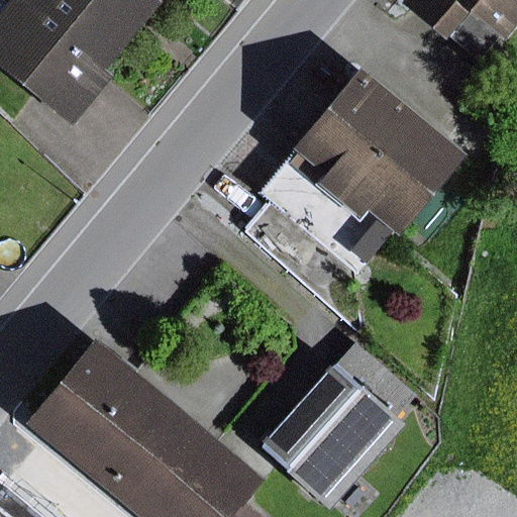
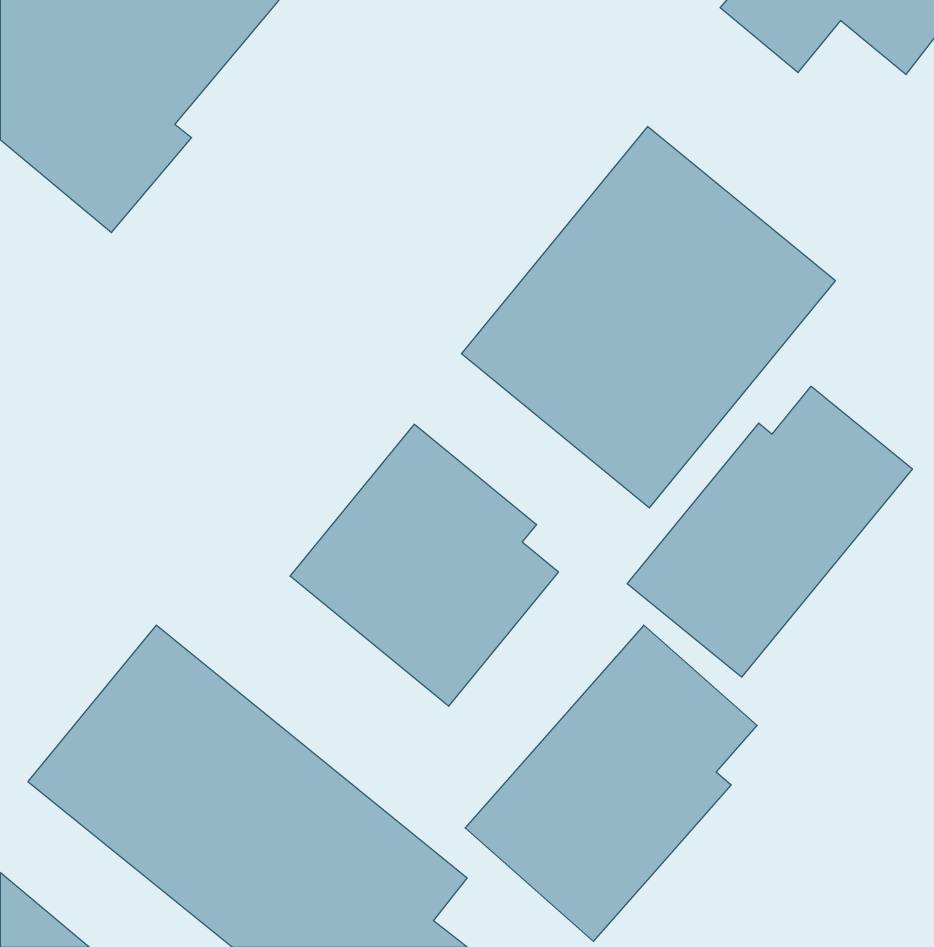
building: none -> [627,386,912,677]
building: none -> [290,424,558,706]

